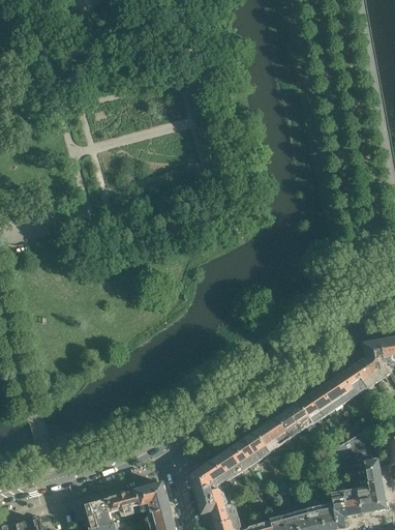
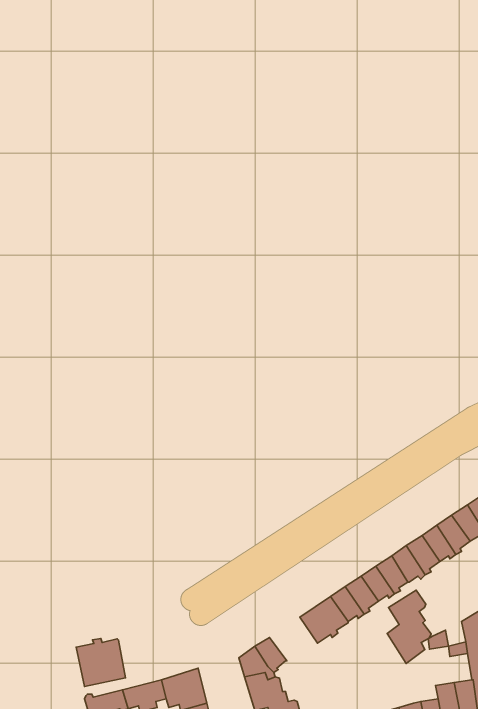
building: none -> [387,590,431,664]
building: [214,447,248,480] -> none
building: none -> [76,639,125,687]

